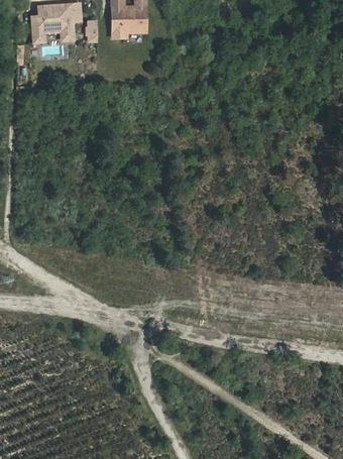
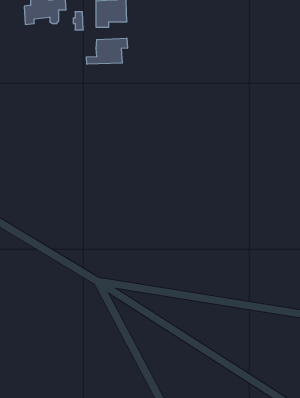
building: none -> [86,38,127,64]

